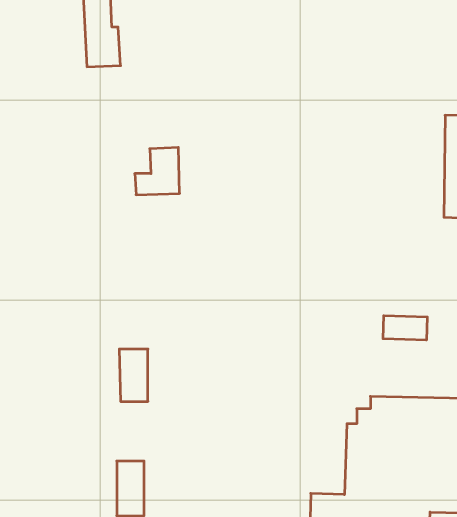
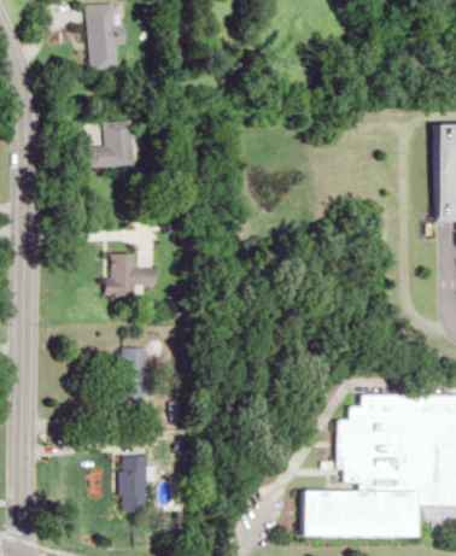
building: [135,147,180,195] -> [87,121,130,166]
building: none -> [107,253,156,295]
building: [383,316,427,340] -> none

